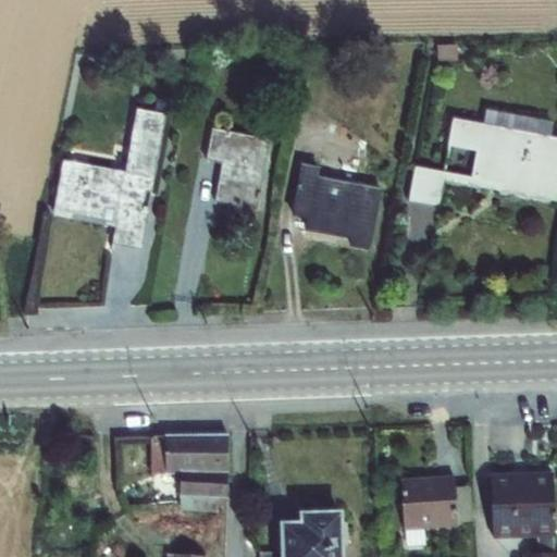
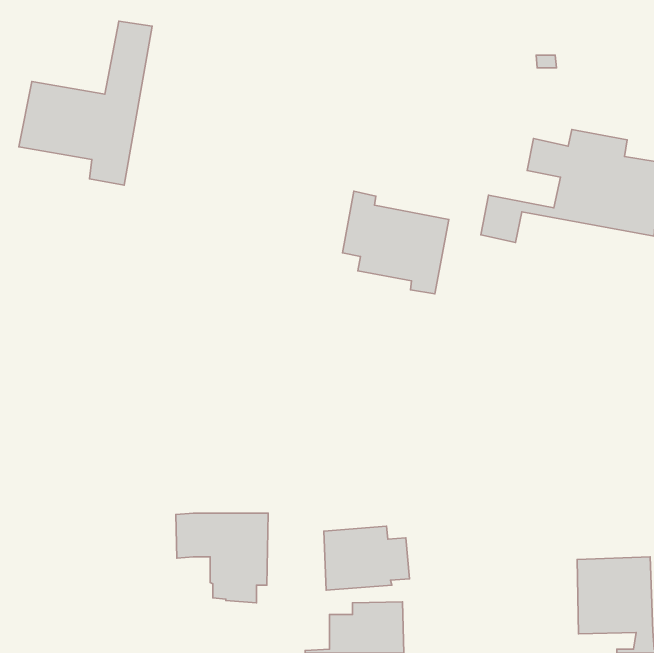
building: [52,109,165,248] -> [19,21,152,185]
building: [206,127,270,208] -> none
building: [401,475,474,530] -> [324,526,410,590]

